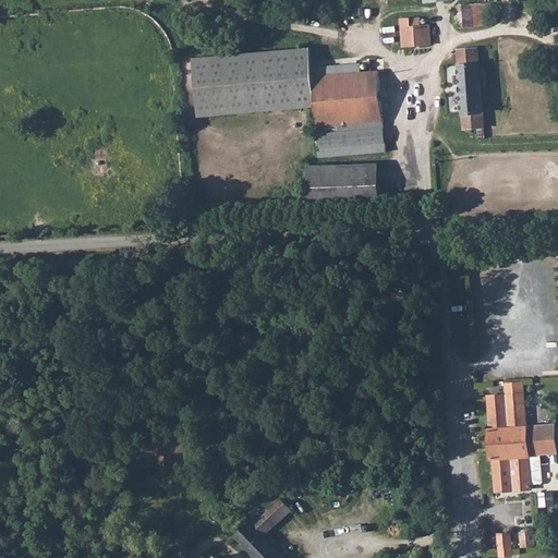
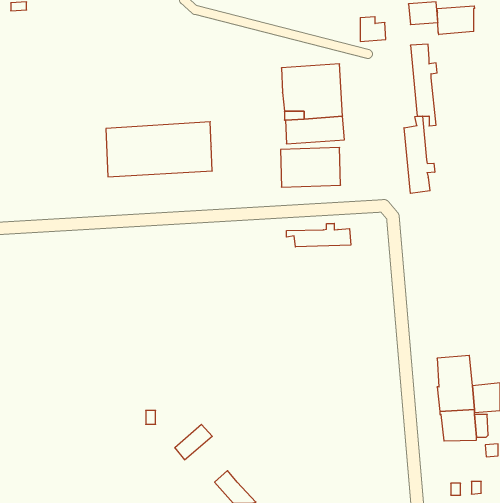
building: none -> [437,6,475,35]
building: [195,48,313,109] -> [106,122,212,177]
building: none -> [404,116,435,193]
building: none -> [287,223,351,247]
building: [252,495,293,534] -> [175,424,212,460]

